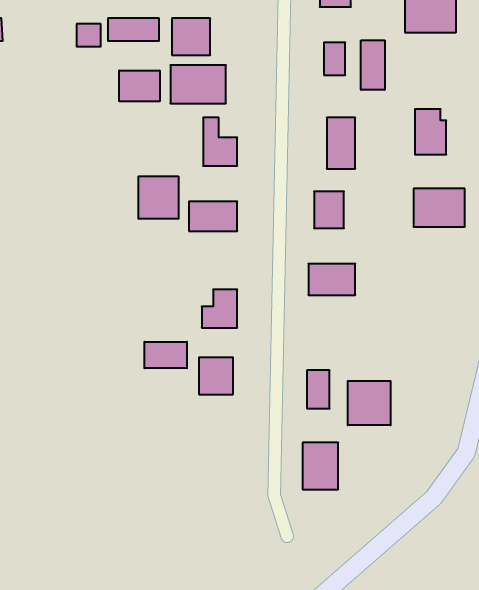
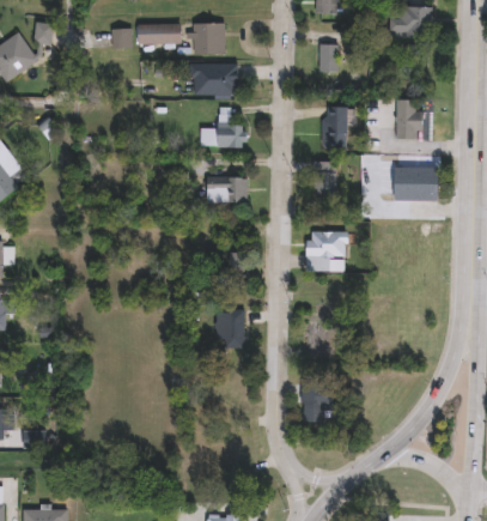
building: [361,40,385,90] -> none
building: [119,70,160,101] -> none
building: [139,176,178,219] -> none
building: [144,342,187,368] -> none
building: [348,381,391,425] -> none

